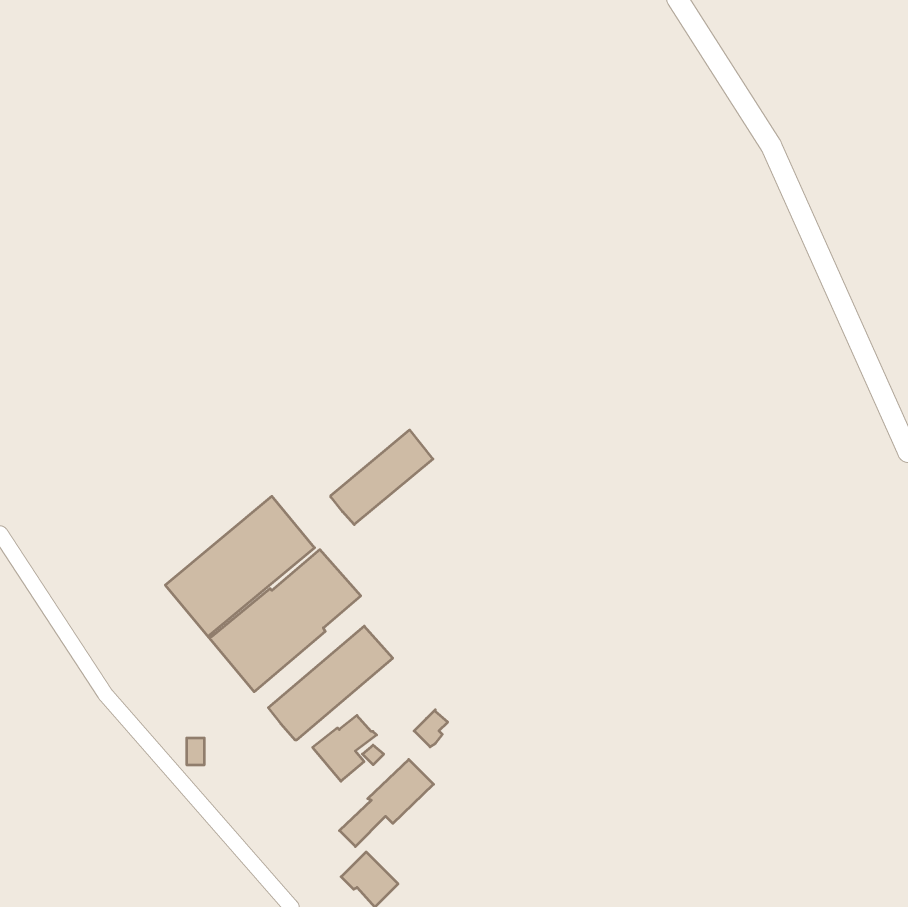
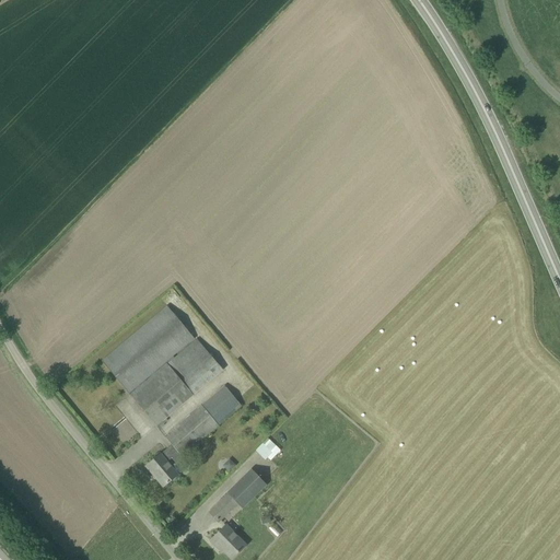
building: [331,430,433,525] -> none
building: [313,715,377,781] -> [145,445,185,486]

